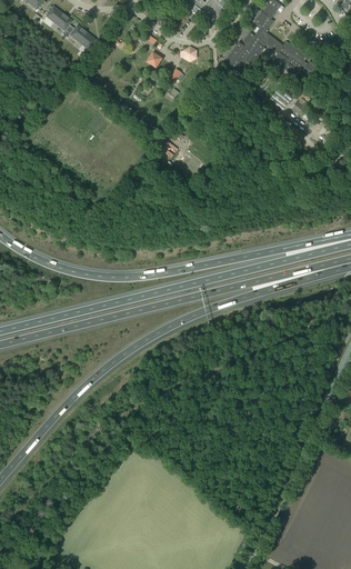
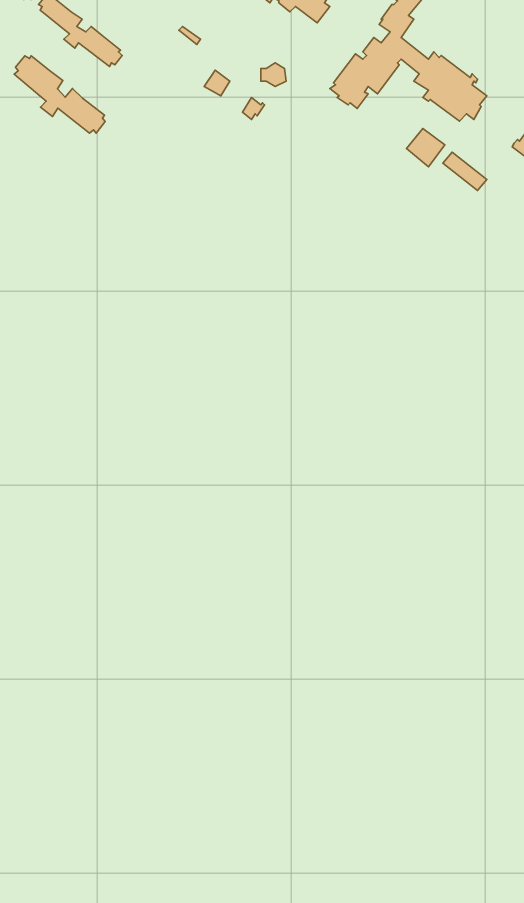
building: none -> [14,56,105,133]

